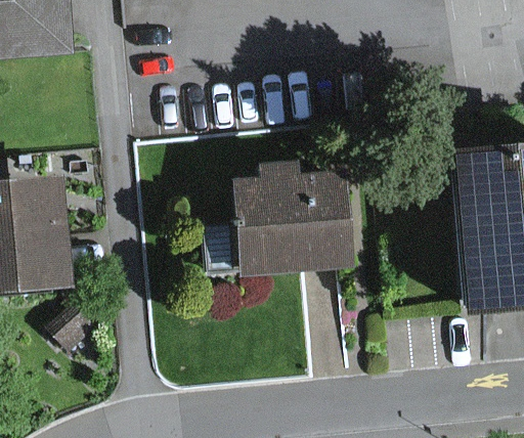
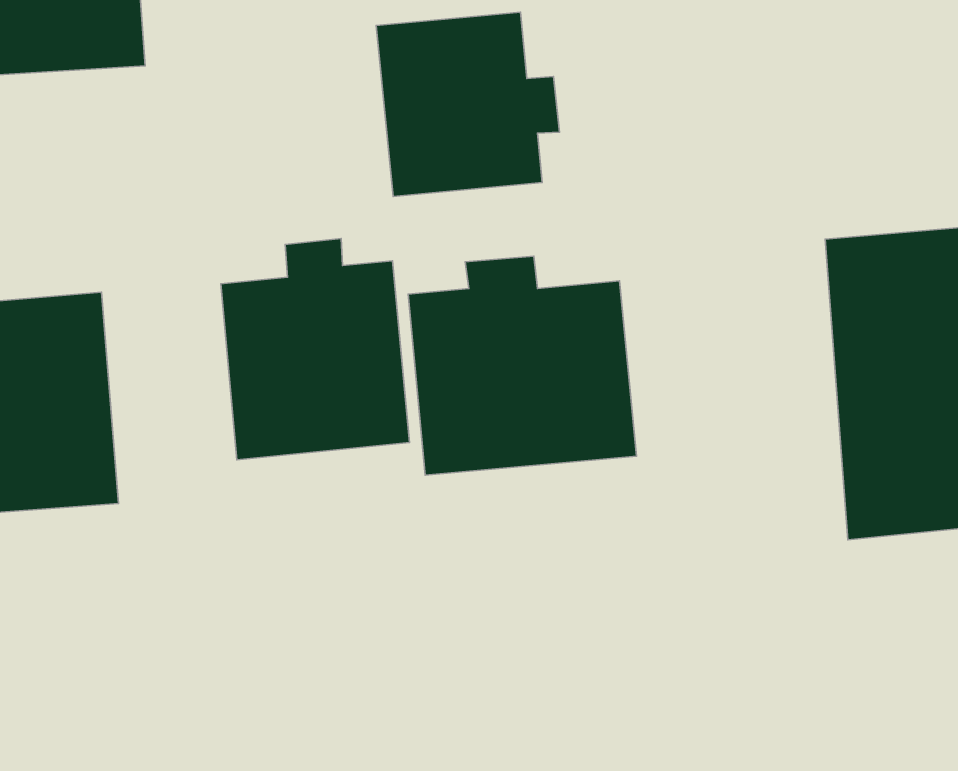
building: none -> [376,12,559,197]
building: none -> [221,239,410,460]

